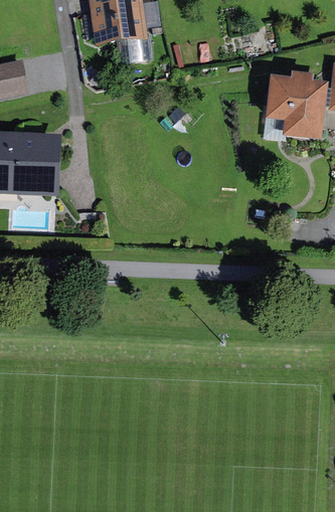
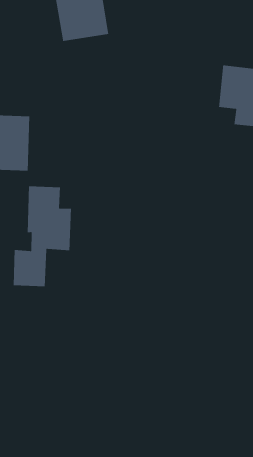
building: none -> [13,185,72,287]

